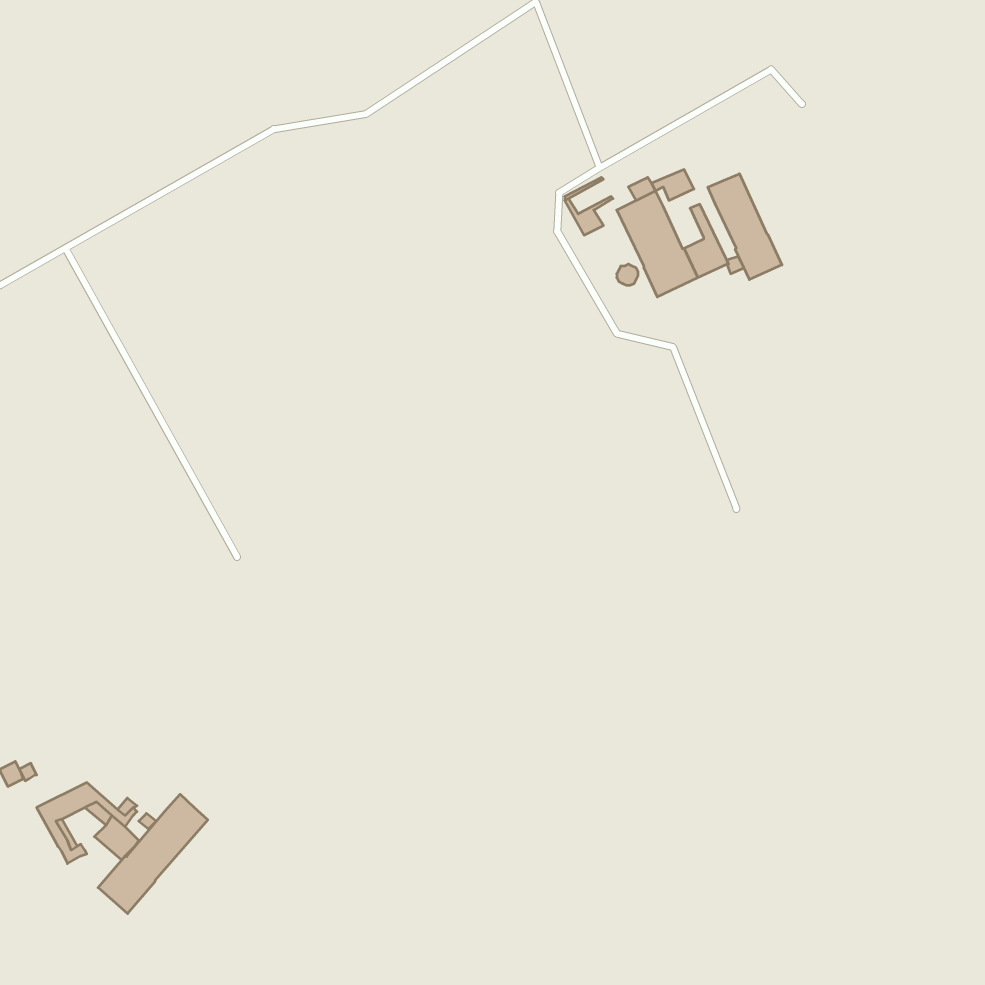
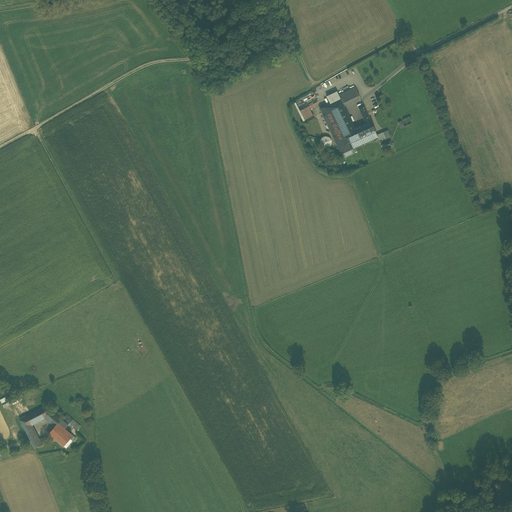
building: [708,174,782,280] -> none
building: [98,794,208,914] -> none

